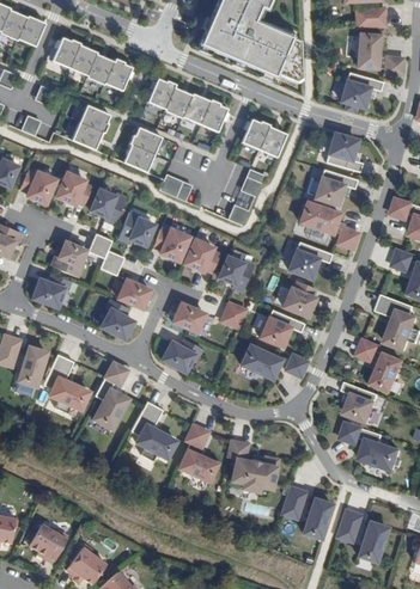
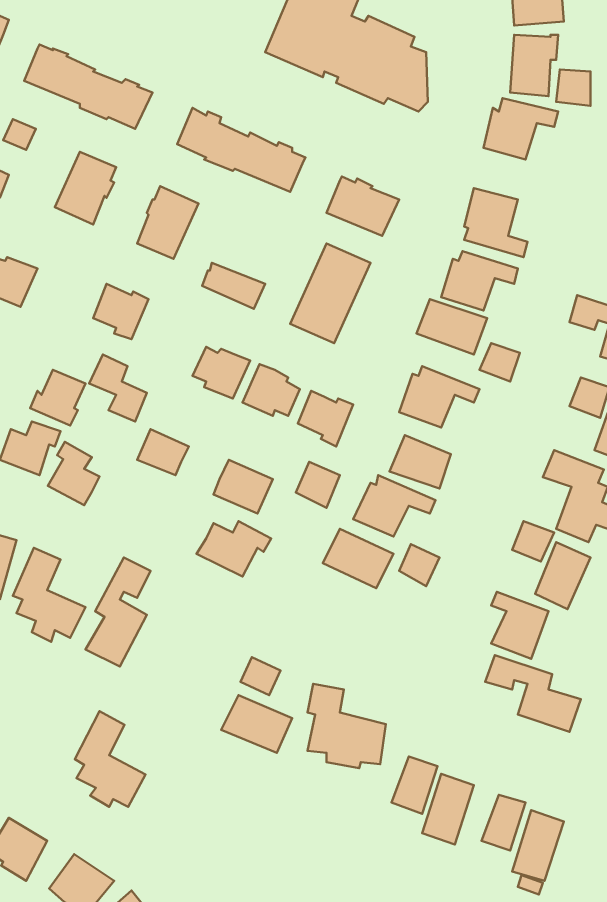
building: [59,173,95,204] -> none
building: [121,211,157,245] -> none
building: [104,300,136,339] -> [48,442,99,505]
building: [132,399,176,459] -> [75,711,146,807]

